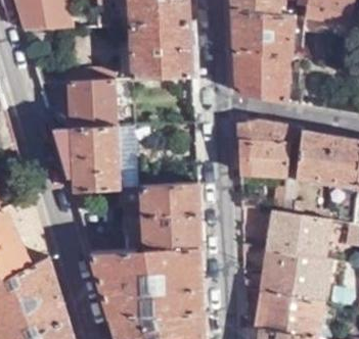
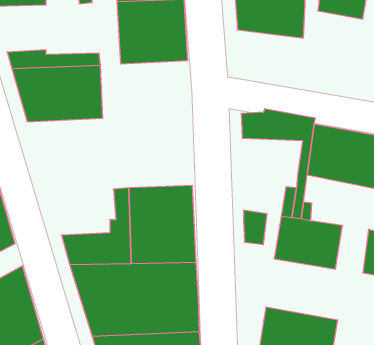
building: [234,50,289,101] -> none
building: [52,127,120,190] -> none
building: [238,144,290,174] -> none
building: [259,248,328,301] -> none

